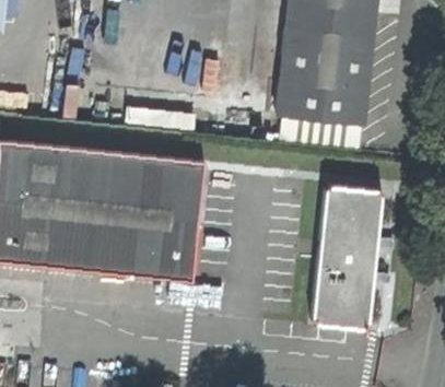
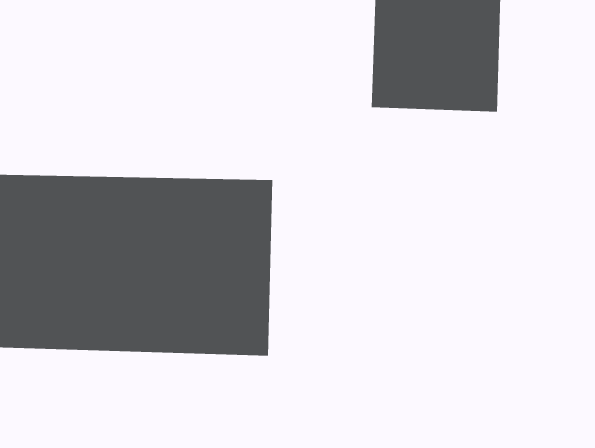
building: [309,180,393,332] -> none

